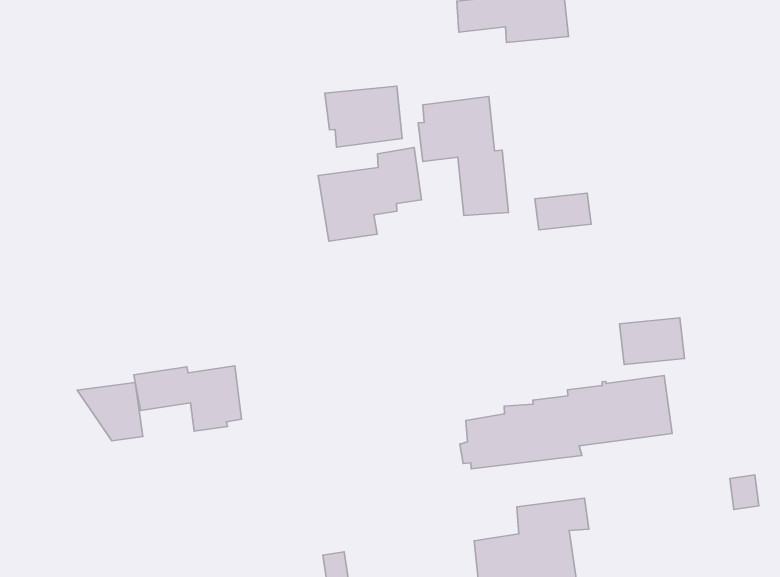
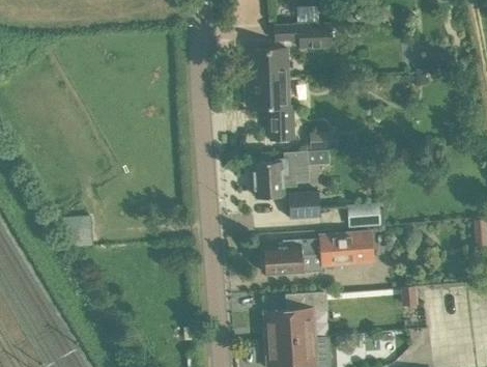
building: [325,86,402,147] -> [249,49,288,79]
building: [318,147,422,241] -> [254,151,308,198]
building: none -> [288,192,321,219]
building: [134,366,241,431] -> none

